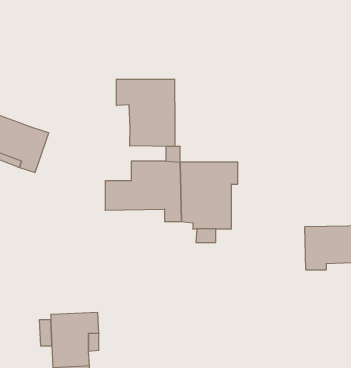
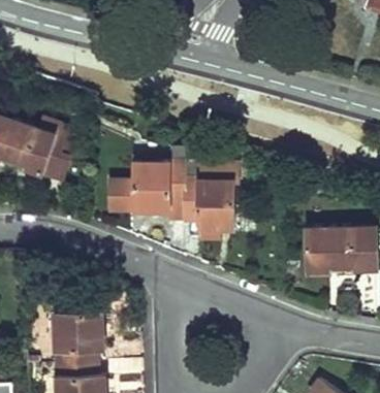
building: [117,79,175,146] -> none
building: none -> [37,119,73,181]

